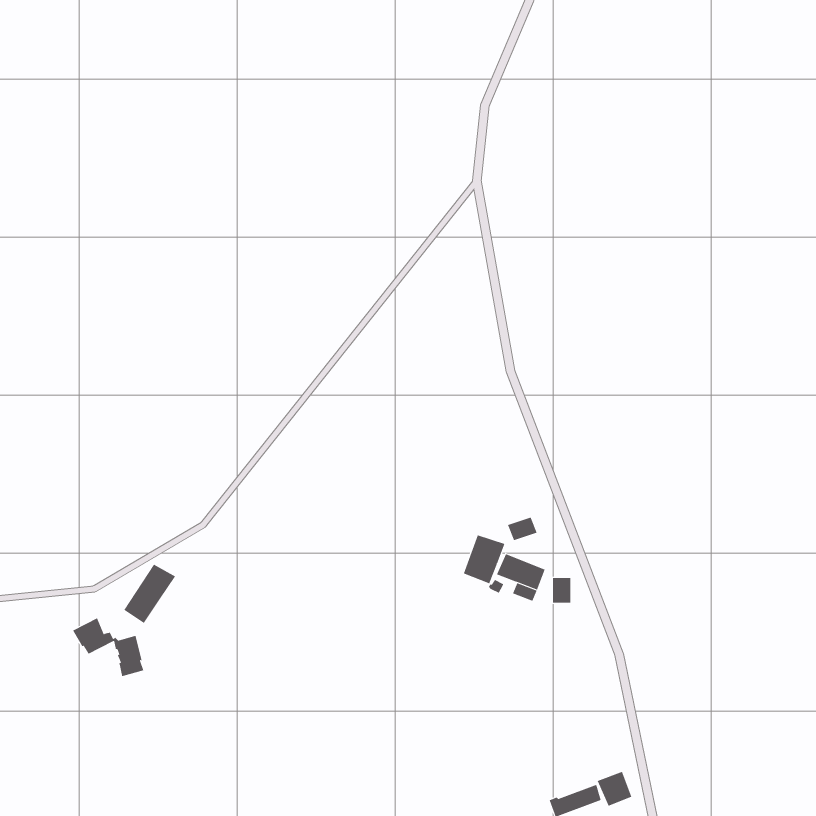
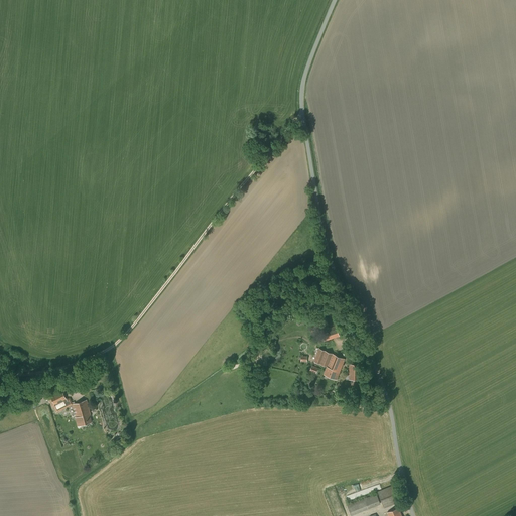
building: [463,535,505,584] -> none
building: [123,564,176,624] -> none

